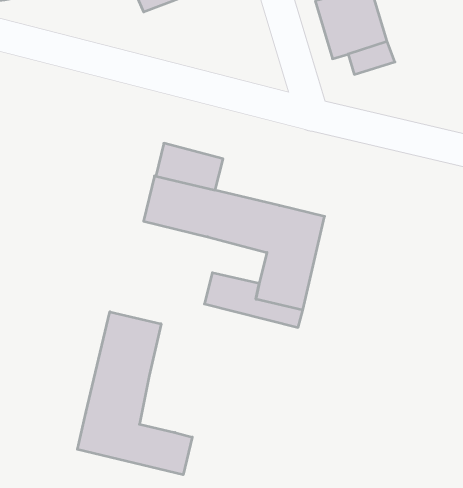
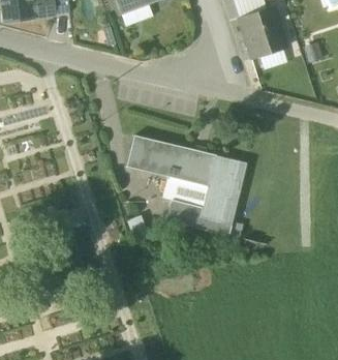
building: [156,143,223,190] -> [163,175,208,206]
building: [77,312,192,475] -> none

